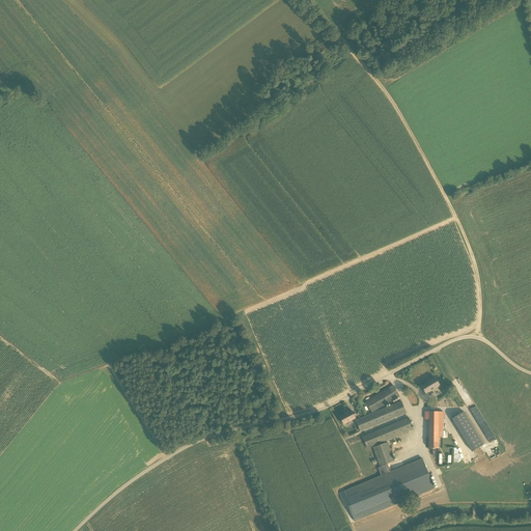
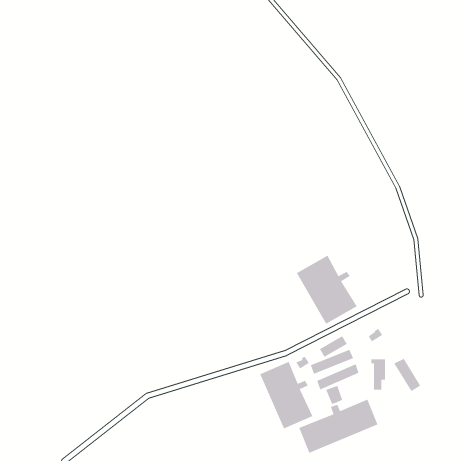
building: none -> [296,254,358,325]
building: none -> [259,361,313,430]

